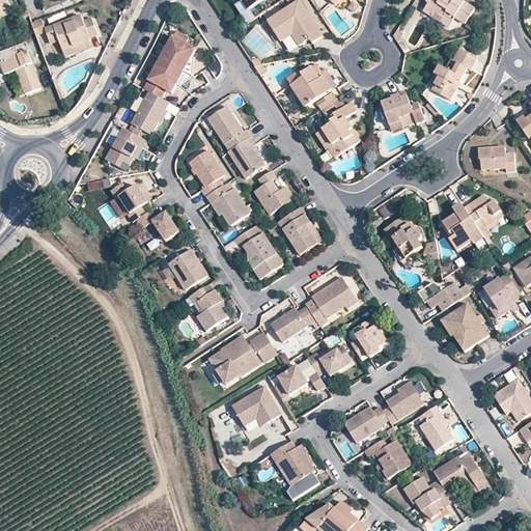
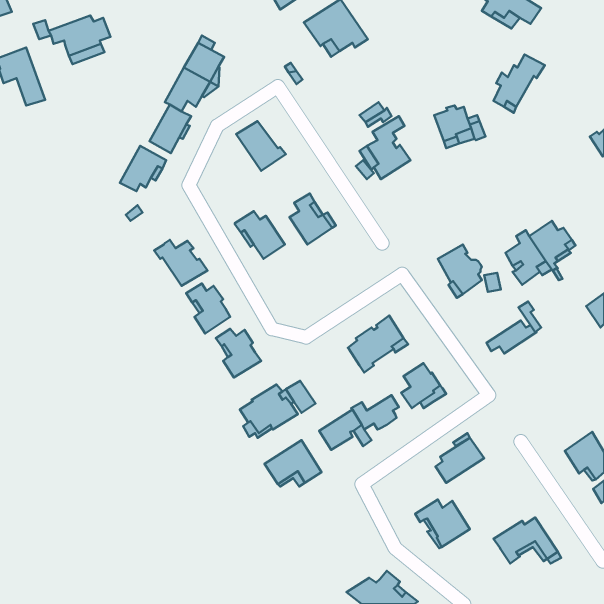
building: [284,64,331,106] -> none
building: [228,135,264,176] -> none
building: [477,145,514,170] -> none
building: [188,149,223,196] -> none
building: [117,185,146,222] -> none
building: [277,206,316,253] -> none
building: [233,225,282,278] -> none
building: [482,272,520,316] -> none
building: [439,302,487,351] -> none
building: [269,305,314,341] -> none
building: [344,404,387,441] -> none
building: [419,404,452,448] -> none
building: [271,440,319,499] -> none
building: [402,475,450,515] -> none

